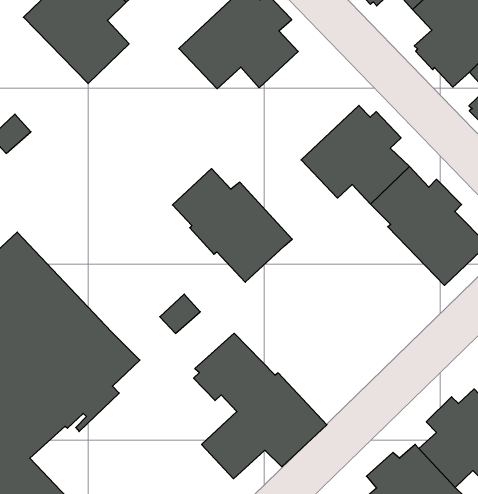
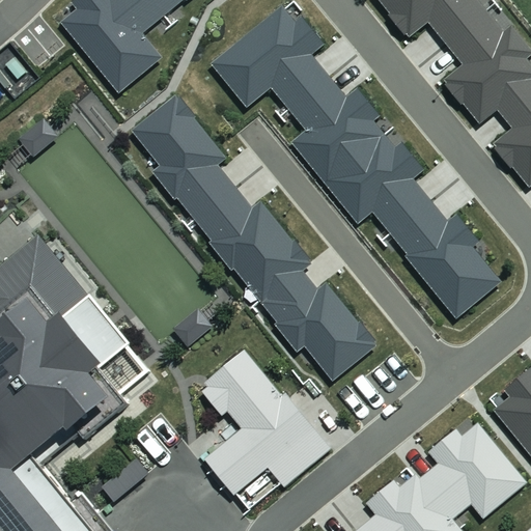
building: none -> [287,76,385,184]
building: none -> [131,94,234,219]
building: none -> [259,268,376,381]

